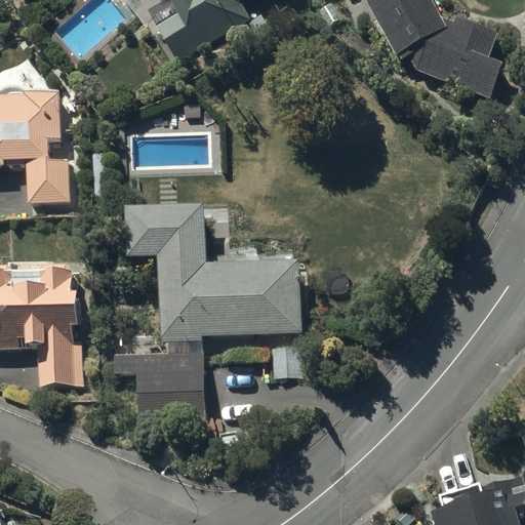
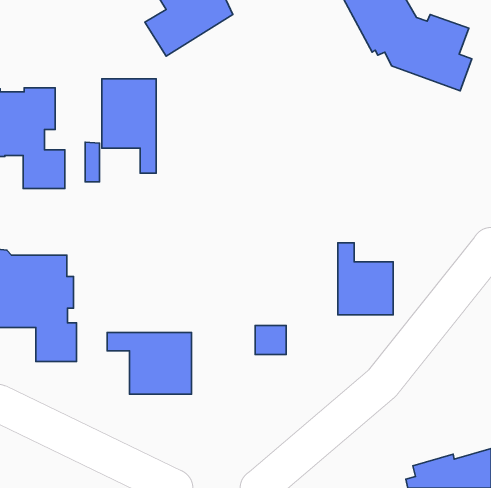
building: none -> [102,79,156,173]
building: [126,195,307,340] -> none
building: none -> [338,243,393,315]

